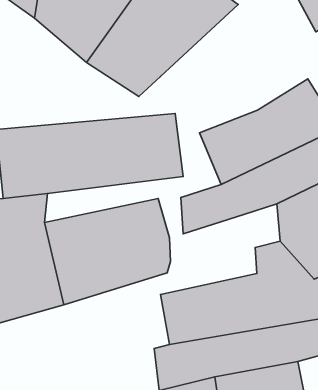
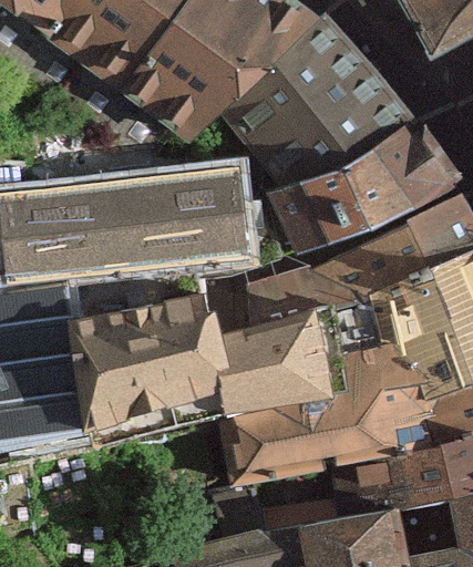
building: none -> [227,22,429,198]
building: none -> [227,310,359,420]

